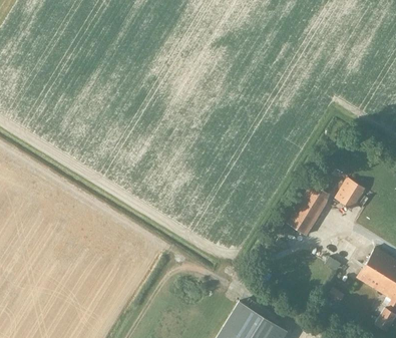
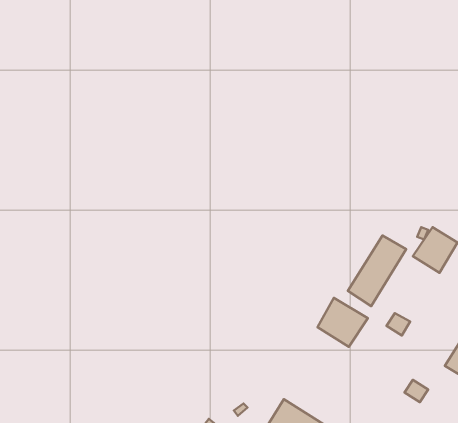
building: none -> [317,298,368,347]

